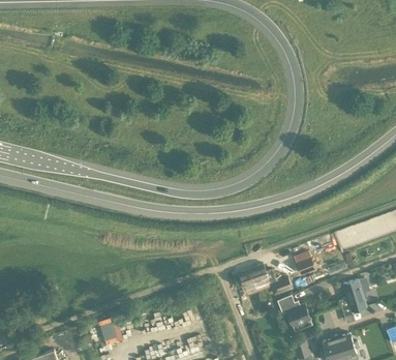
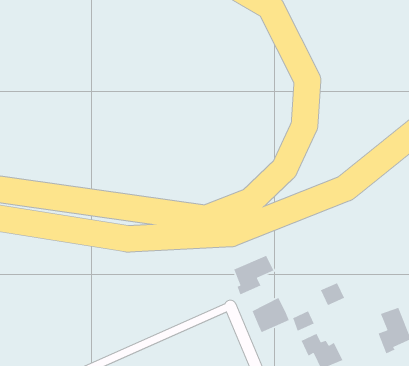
building: none -> [233,255,274,295]

